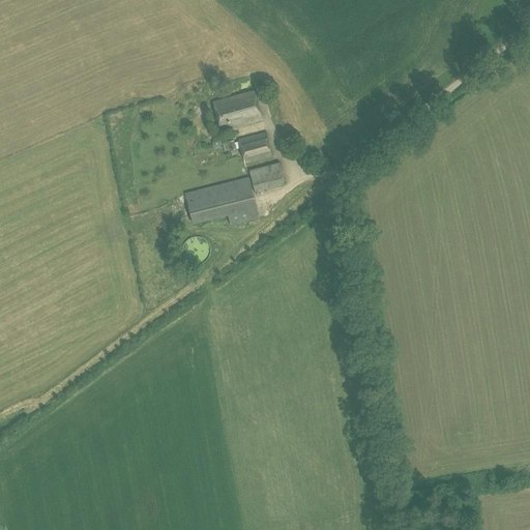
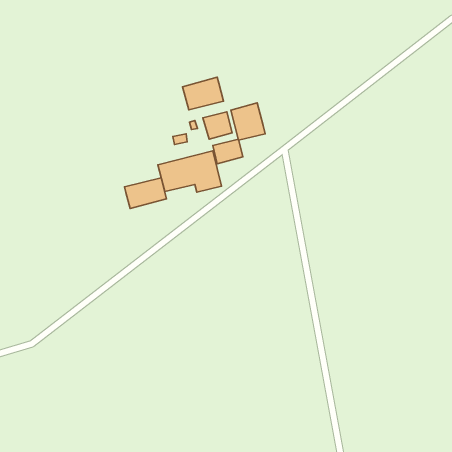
building: none -> [231,103,265,140]
building: none -> [125,178,166,208]

